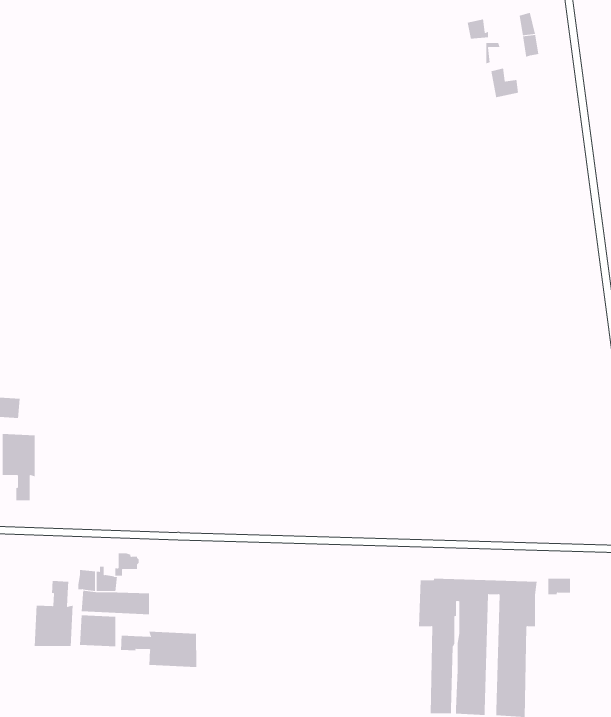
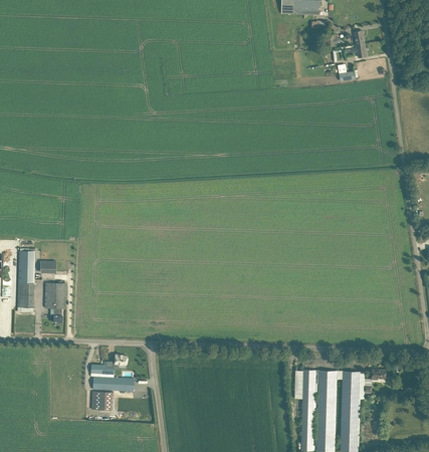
building: [34,580,73,647] -> none
building: [121,631,197,668] -> none

